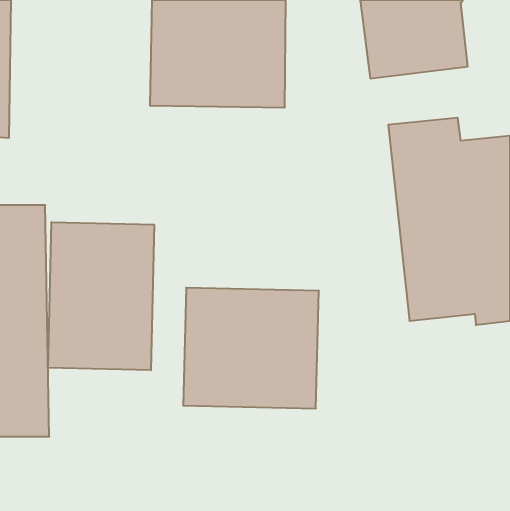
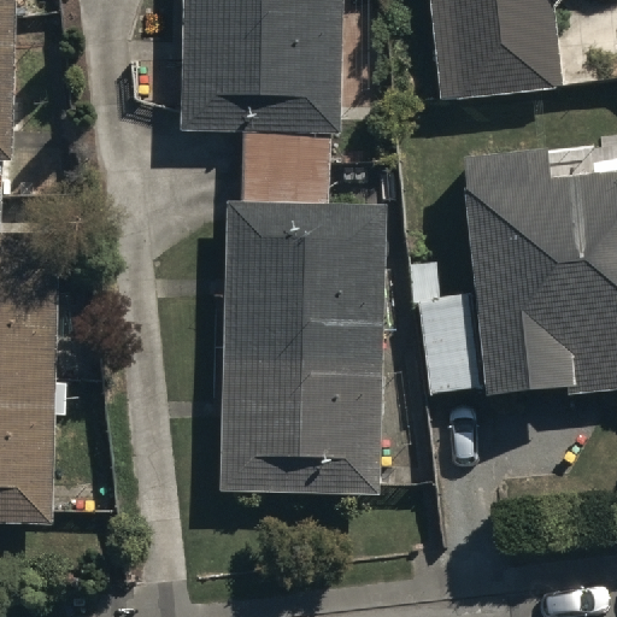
building: none -> [223,199,387,352]
building: [48,222,154,370] -> none

